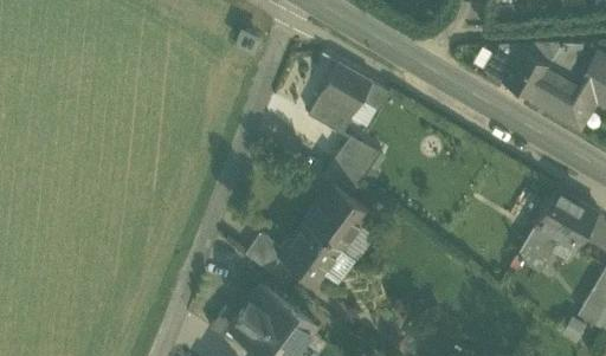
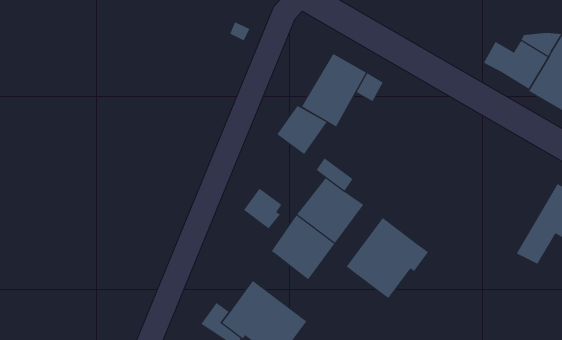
building: [331,138,381,187] -> [277,105,327,155]
building: none -> [346,217,429,299]
building: [246,234,284,274] -> [243,188,282,229]

